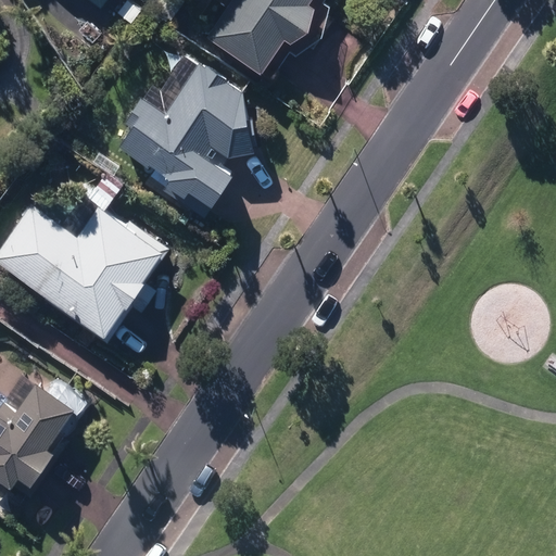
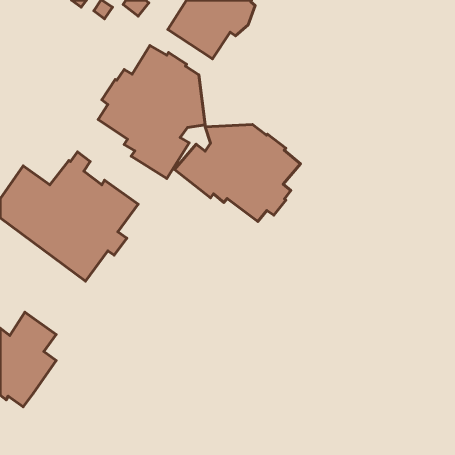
building: none -> [174,125,301,222]

